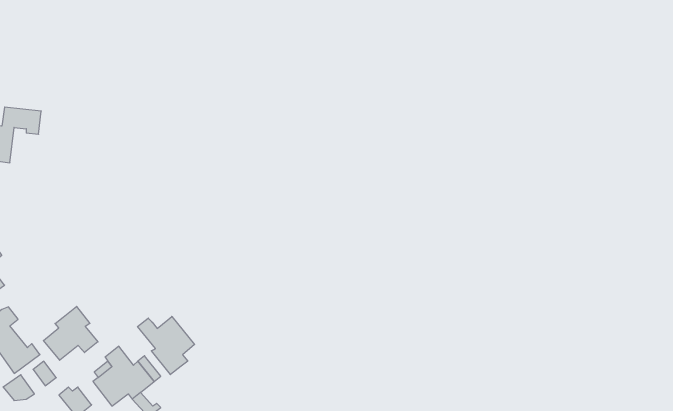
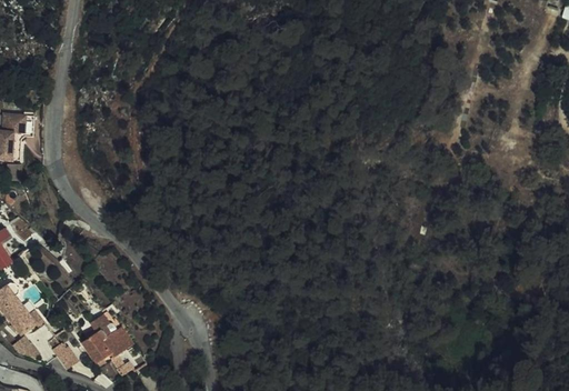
building: [43,306,98,360] -> none
building: [138,316,195,375] -> none

